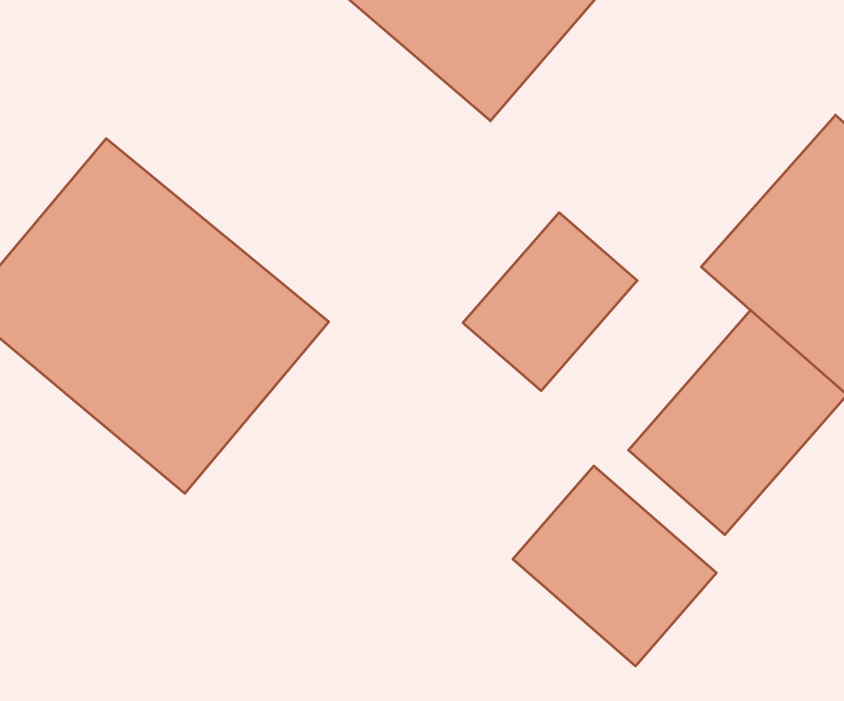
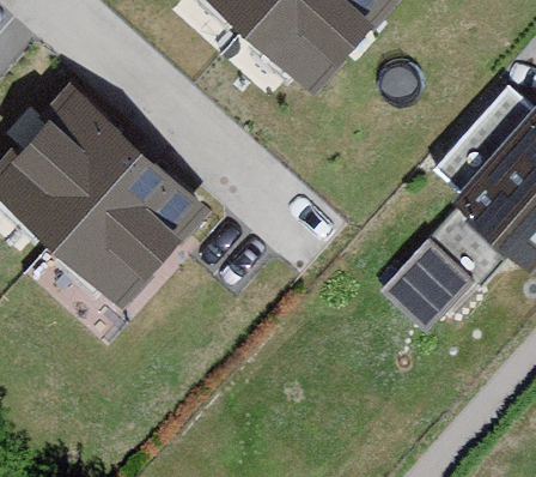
building: [463,213,637,391] -> none
building: [513,466,716,666] -> none

